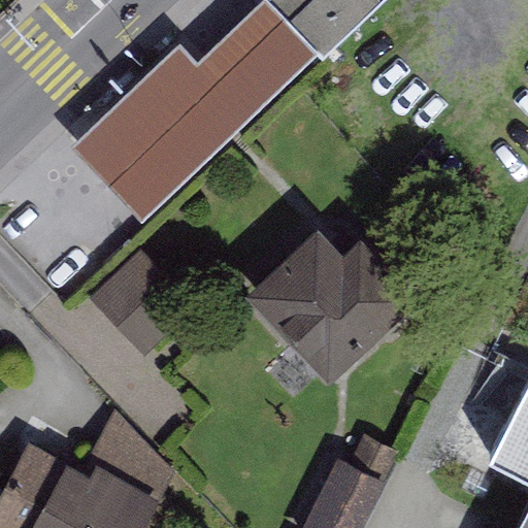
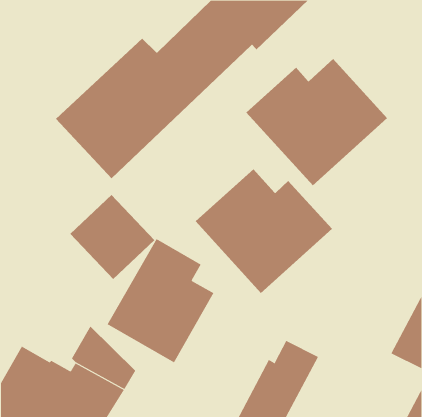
building: none -> [246,58,388,186]
building: none -> [107,238,214,363]

